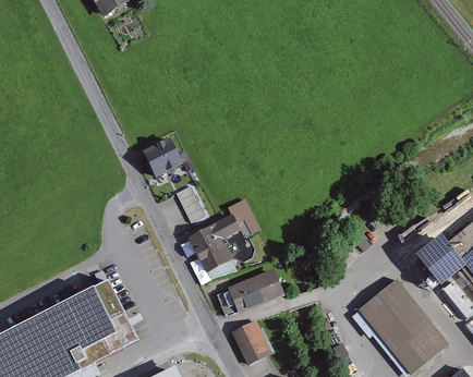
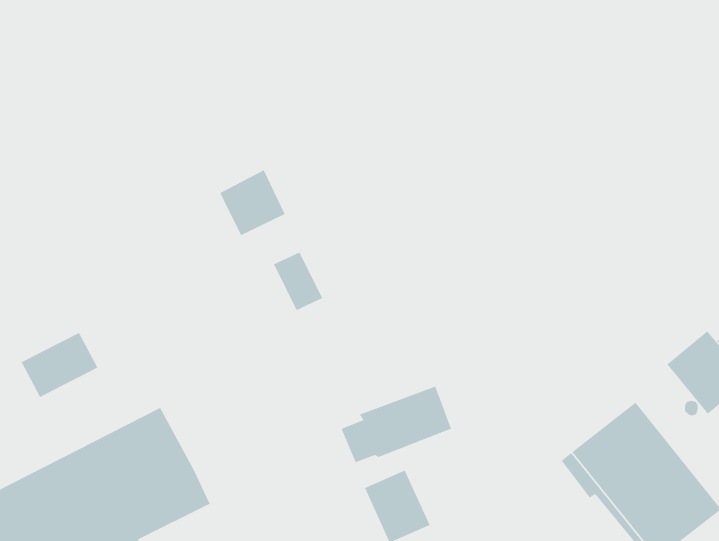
building: [189,197,260,271] -> none
building: none -> [21,332,98,398]

